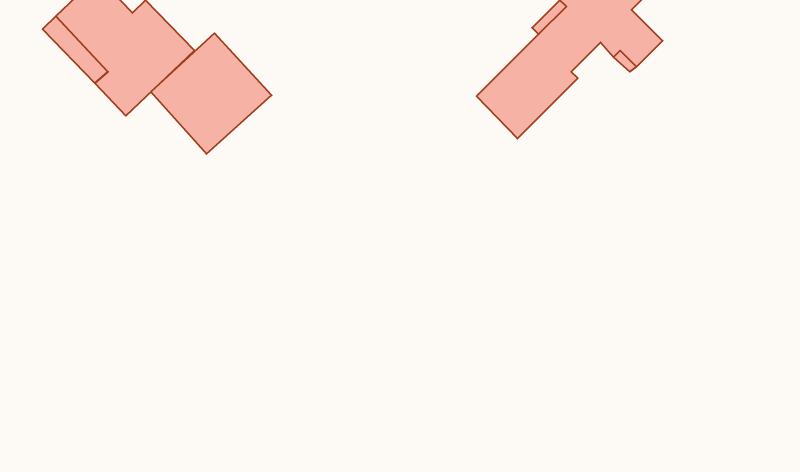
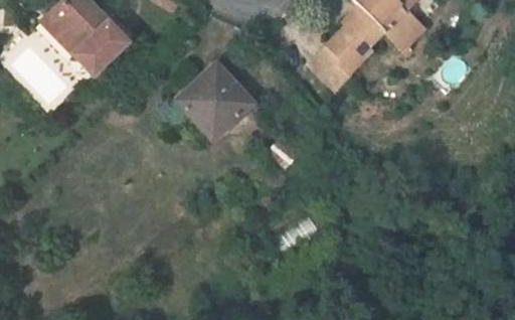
building: [151,33,272,154] -> [178,65,252,140]

